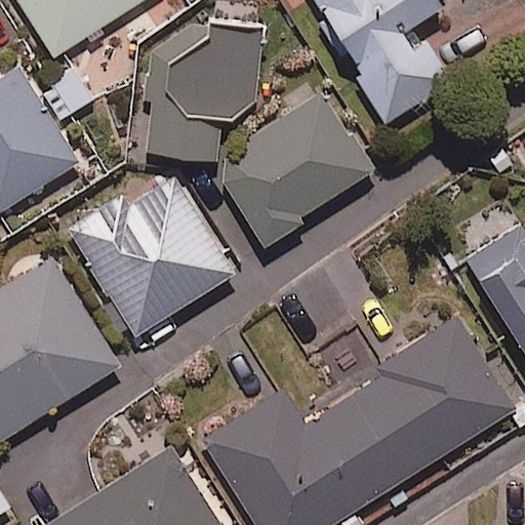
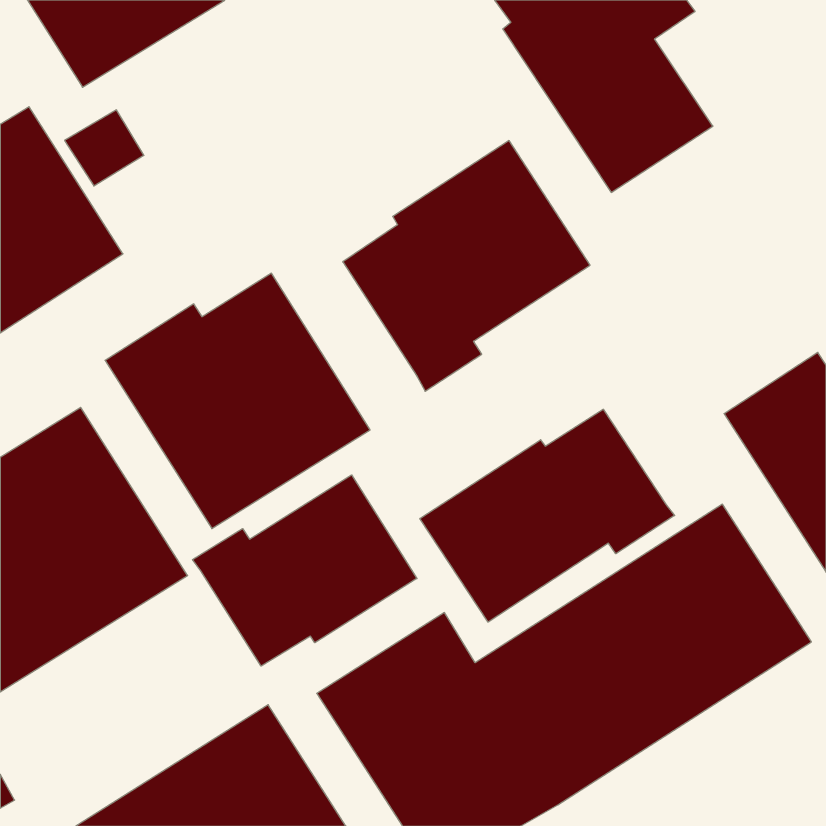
building: [147,24,262,159] -> none
building: none -> [420,409,675,622]
building: none -> [193,475,417,666]

